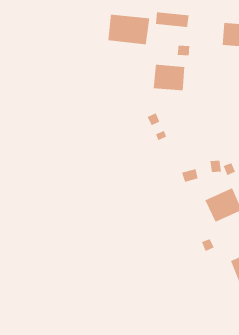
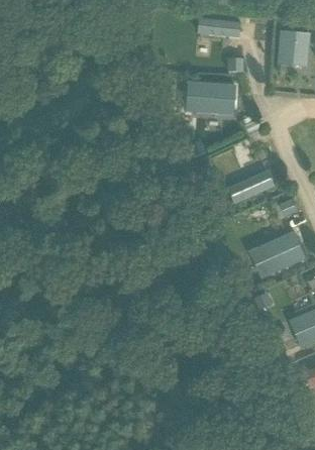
building: [108,14,150,45] -> none
building: none -> [228,171,273,203]

